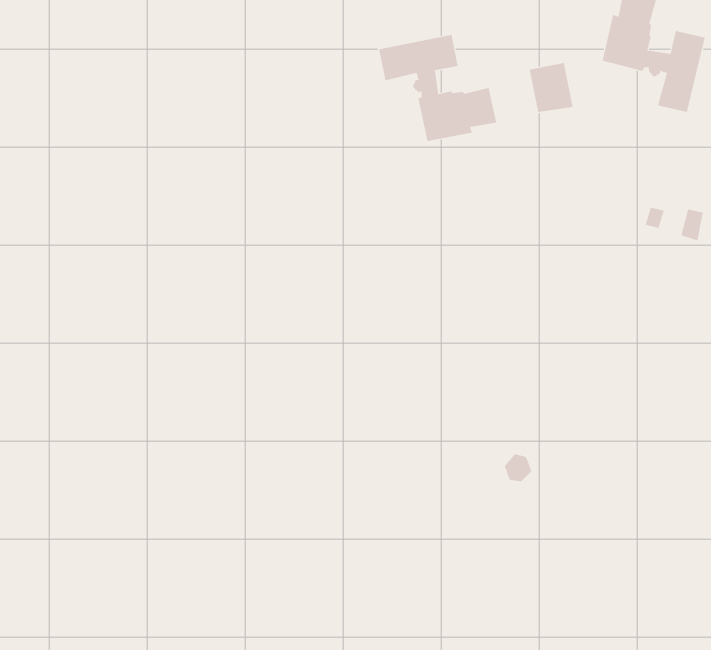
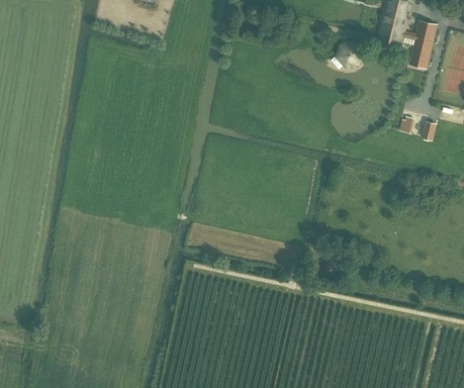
building: [379,34,497,142] -> none

